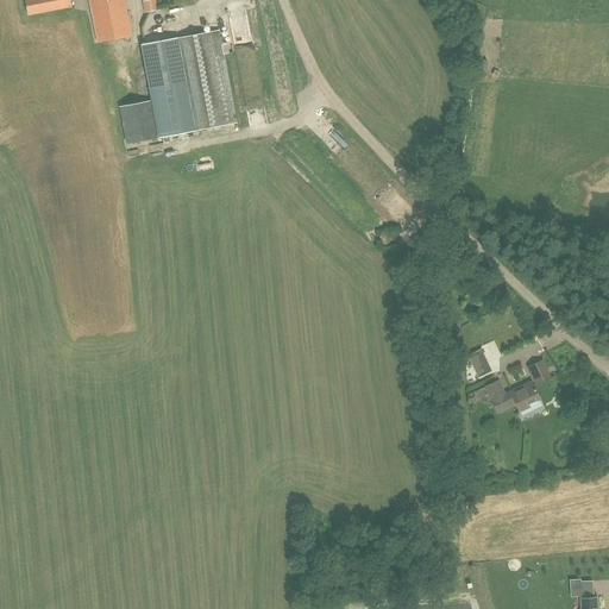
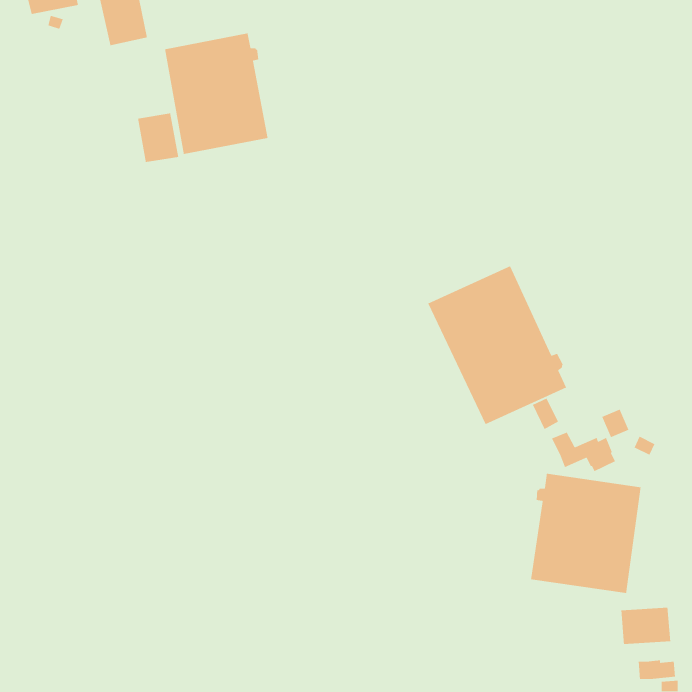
building: none -> [427,265,567,425]
building: none -> [530,473,642,594]
building: none -> [620,607,671,645]

